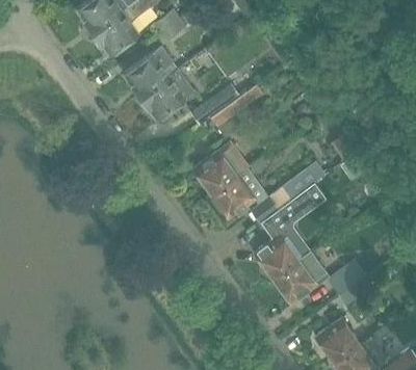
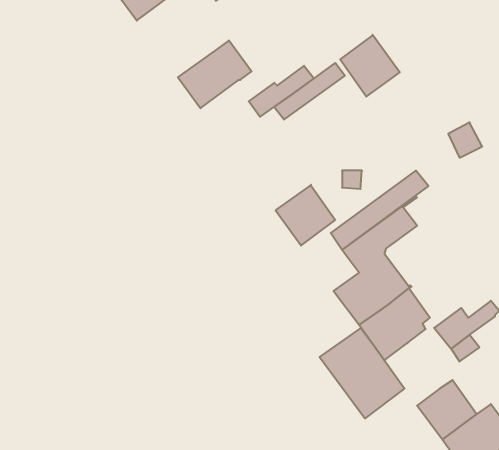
building: [124,46,173,96] -> none
building: none -> [340,35,400,97]
building: [192,142,248,193] -> none
building: none -> [320,328,405,418]

